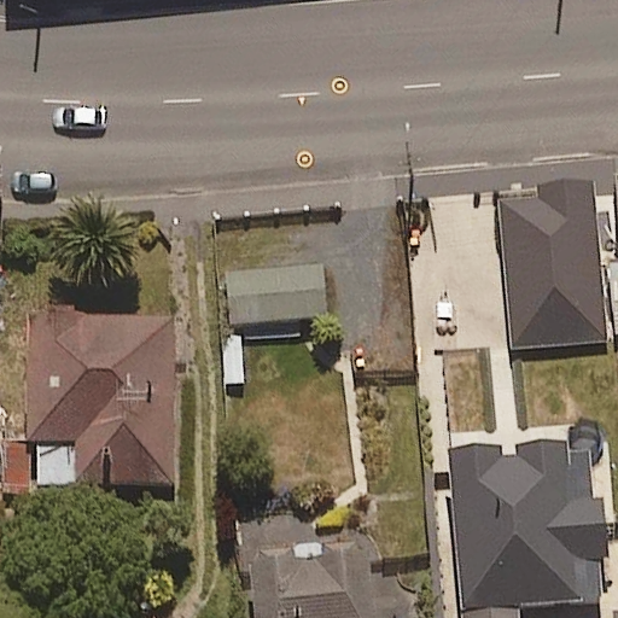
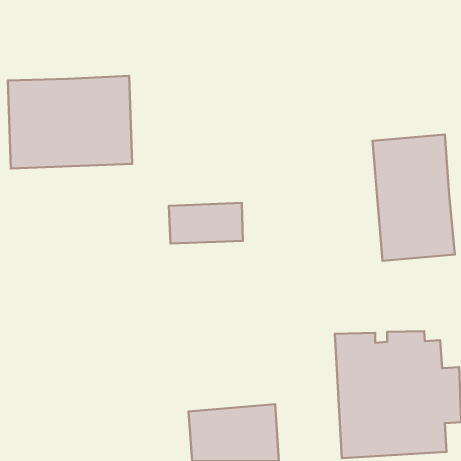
building: none -> [8,76,132,168]
building: [16,321,179,485] -> none

